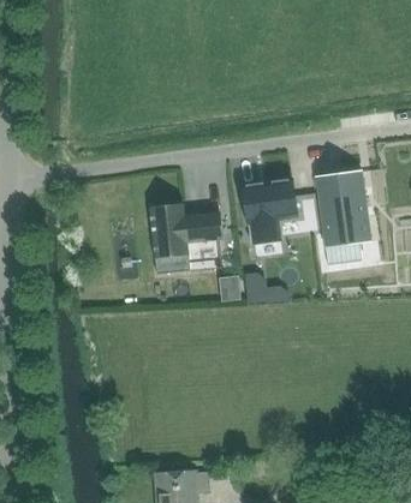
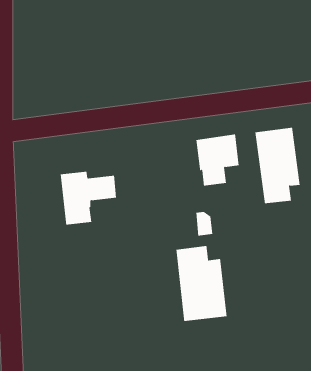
building: [150,208,220,274] -> [60,171,117,225]
building: none -> [176,245,227,322]

